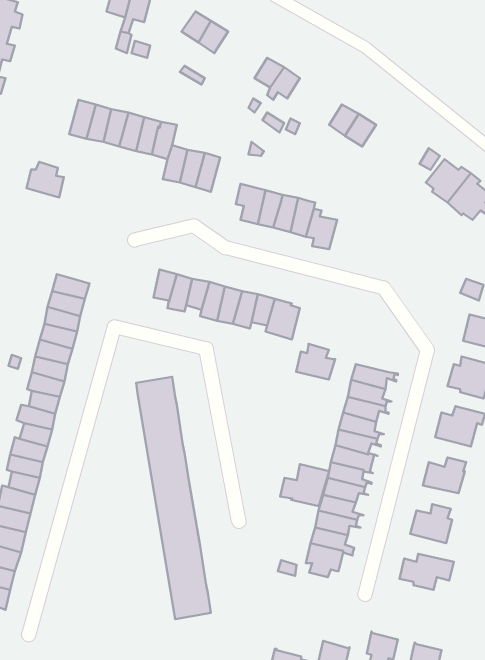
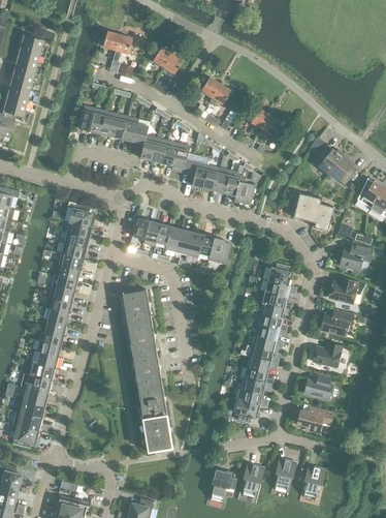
building: none -> [170,144,191,175]
building: [27,162,64,197] -> [69,204,94,227]
building: none -> [292,193,333,232]
building: [296,344,335,379] -> [267,263,293,286]
building: [280,464,329,506] -> none

